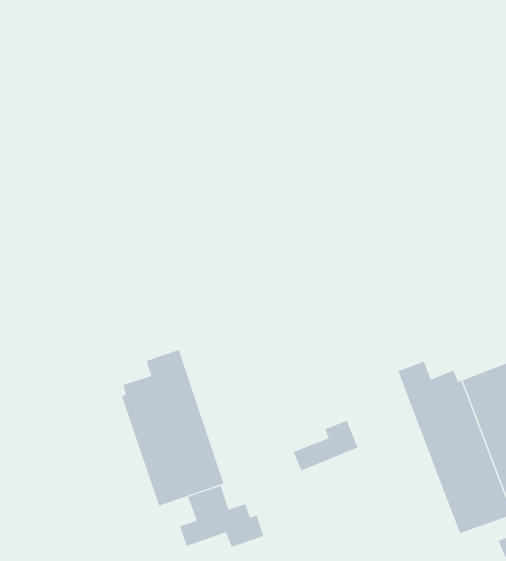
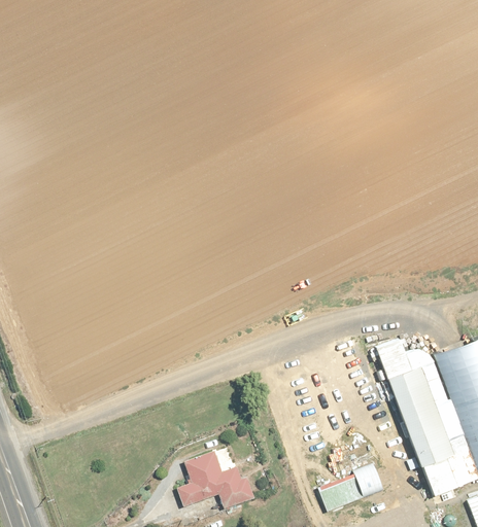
building: [121,349,224,506] -> none
building: [293,420,358,471] -> [323,463,383,510]

